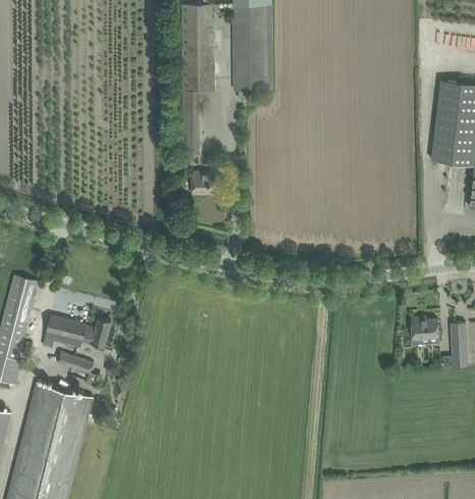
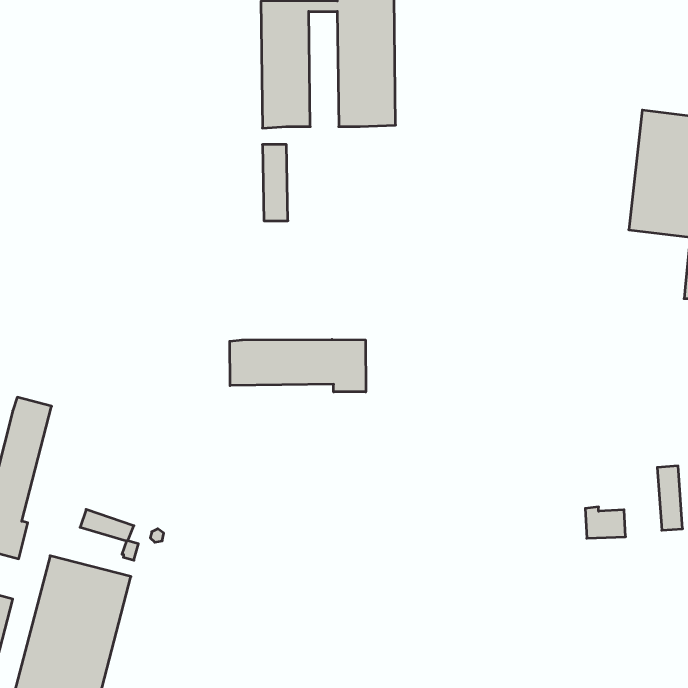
building: [192,170,217,194] -> none
building: none -> [230,339,366,392]
building: [42,314,110,347] -> none
building: [411,316,438,338] -> [585,507,626,538]

